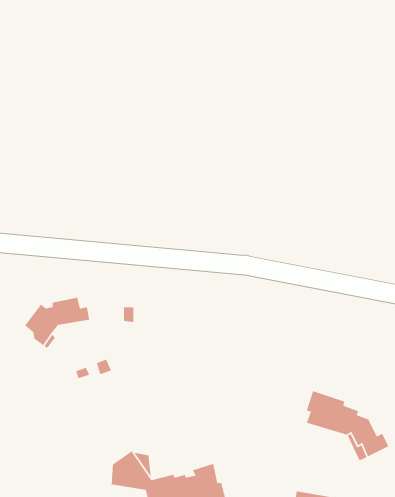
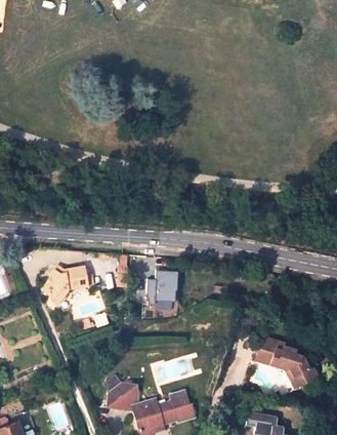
building: none -> [150,270,180,302]

